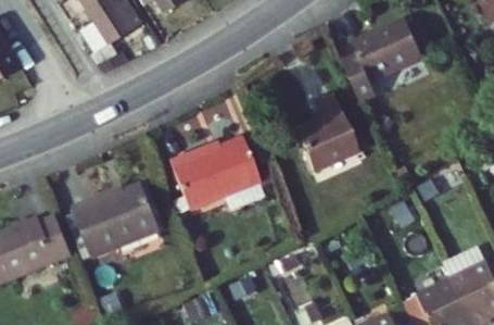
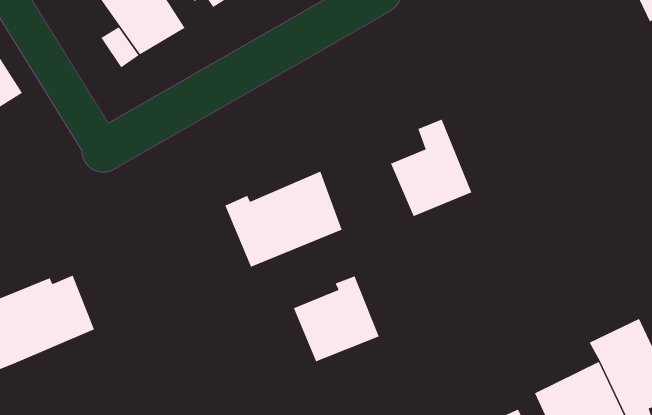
building: [343,18,425,102] -> none
building: [74,183,162,255] -> none
building: none -> [293,275,380,362]

